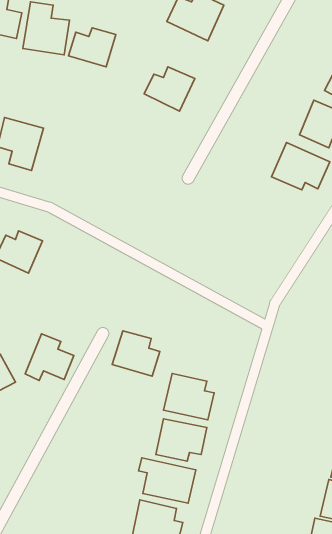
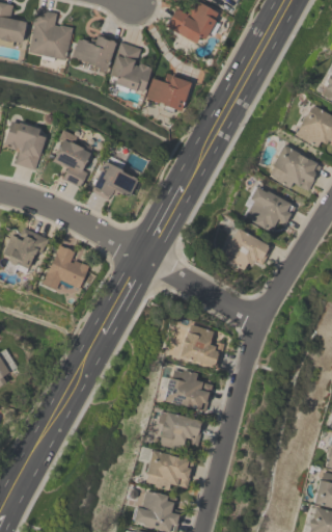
building: none -> [110,42,154,95]
building: none -> [51,130,98,188]
building: none -> [92,149,142,200]
building: none -> [240,185,297,232]
building: none -> [220,228,273,272]
building: [112,331,160,376] -> [178,324,224,368]
building: [25,334,74,380] -> [43,246,89,291]

